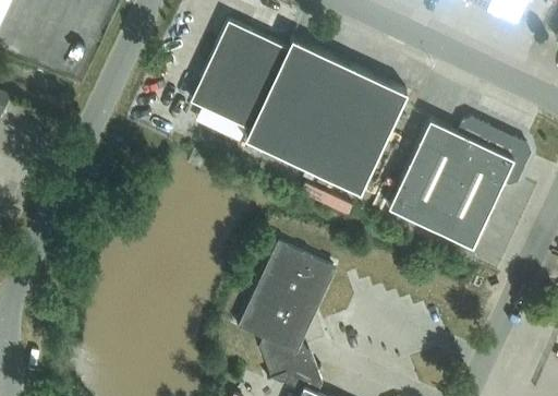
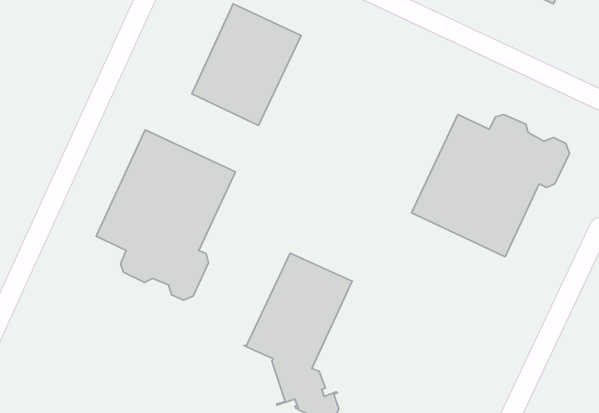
building: [245,41,407,194] -> none
building: none -> [96,130,236,300]

